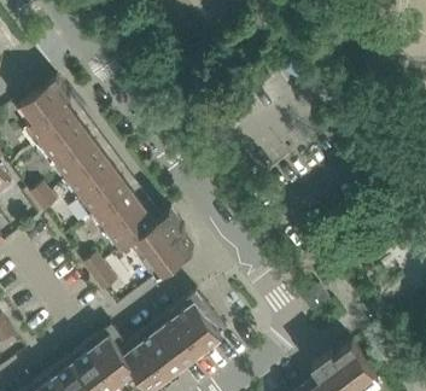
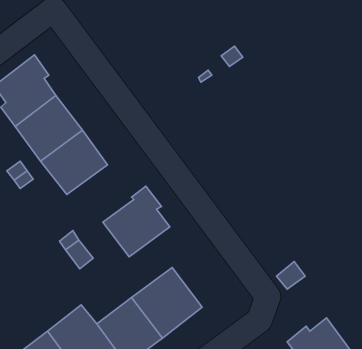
building: [91,187,158,253] -> none

